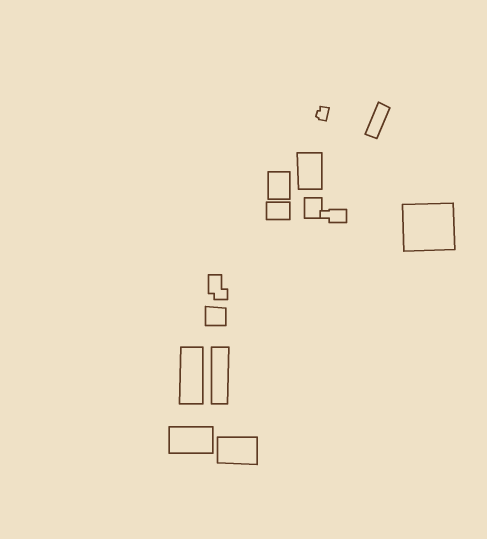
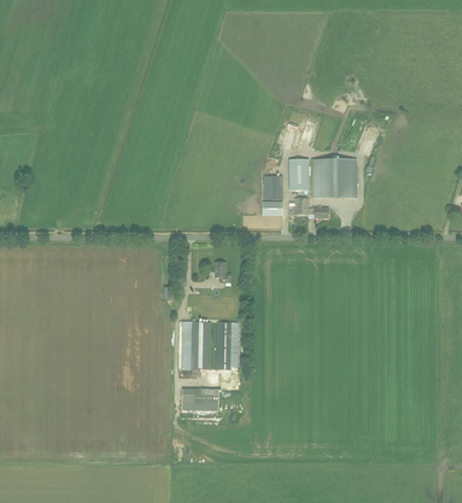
building: [402,203,455,251] -> [312,158,356,198]
building: [218,437,257,465] -> none

